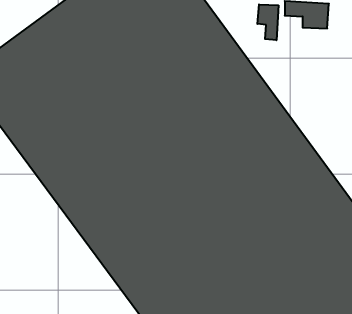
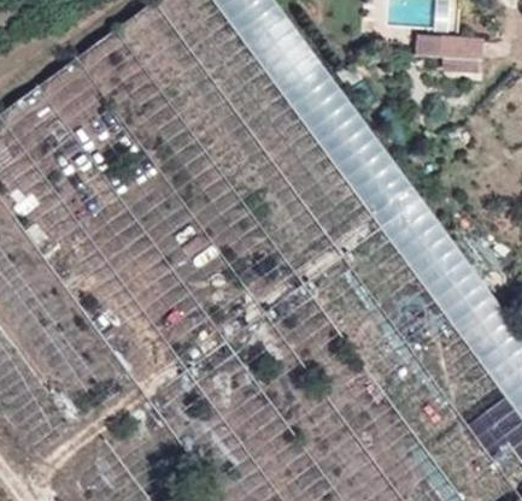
building: [257,4,278,40] -> none

